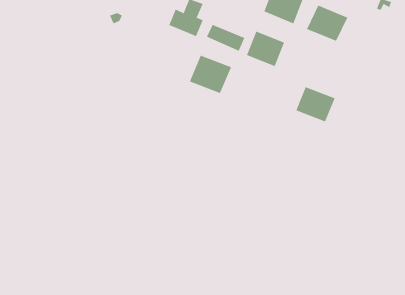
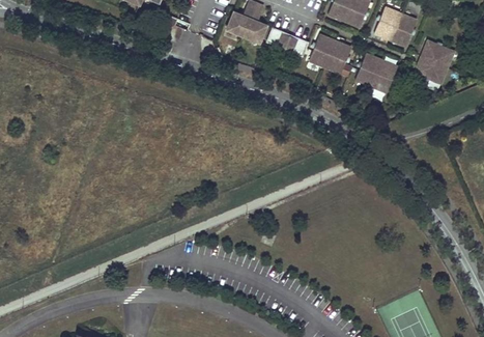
building: none -> [415,40,455,83]
building: [189,55,232,94] -> none
building: [296,86,335,122] -> [355,54,398,92]

